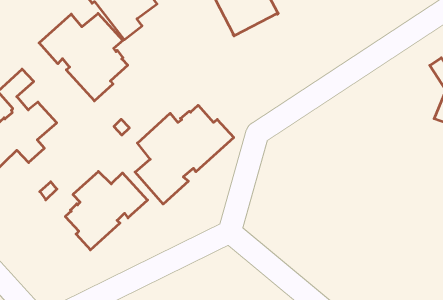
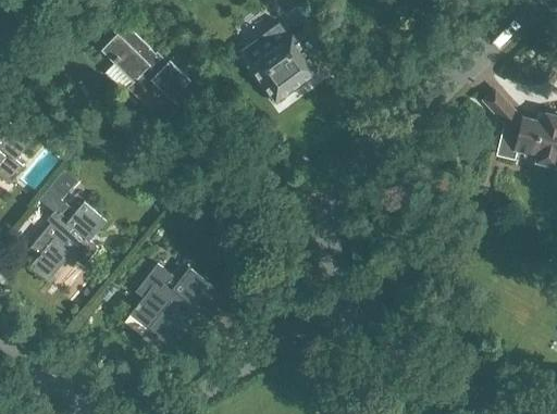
building: [39,13,128,101] -> none
building: [135,105,234,204] -> none

